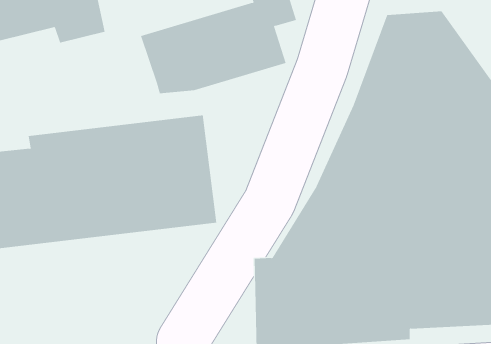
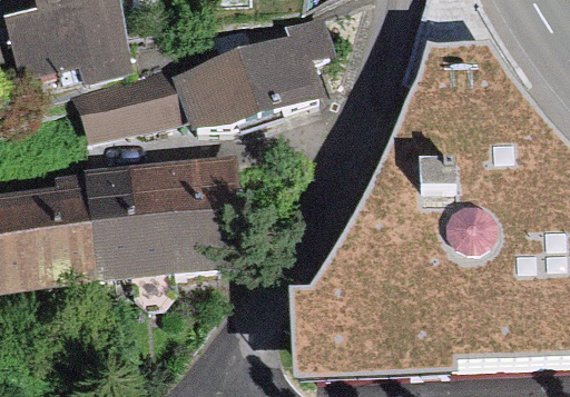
building: none -> [71,59,186,139]

